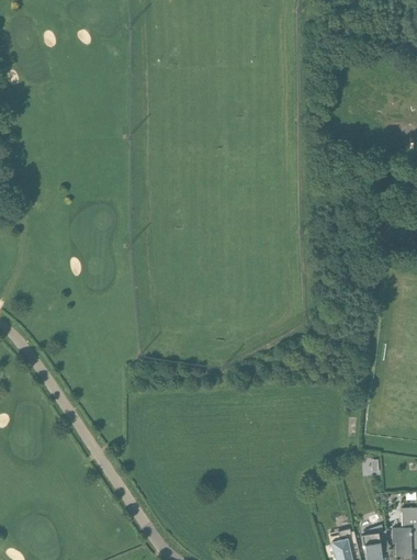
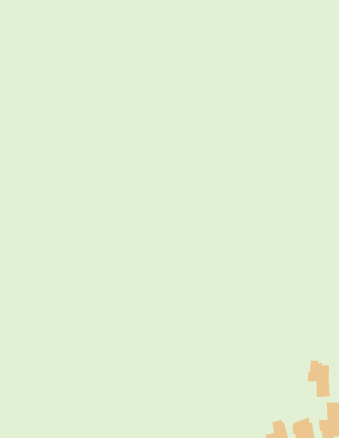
building: none -> [307,360,331,398]

